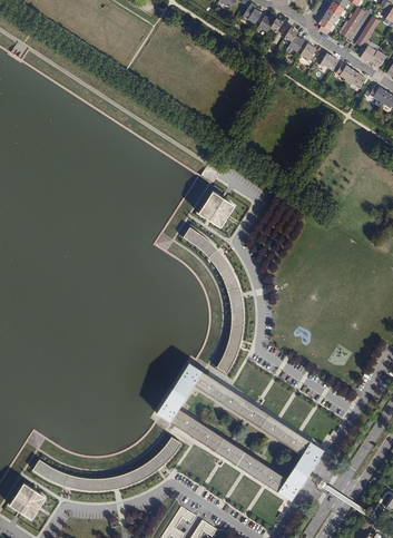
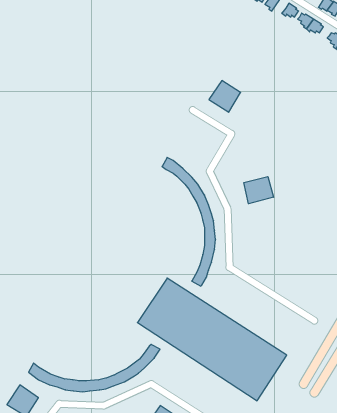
building: [198,192,234,227] -> [209,81,241,112]
building: none -> [244,177,274,204]

